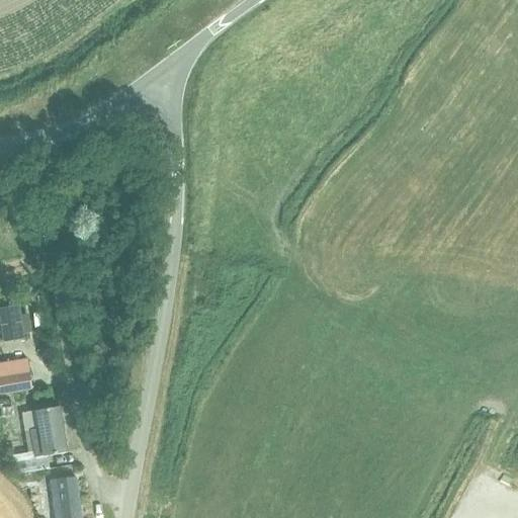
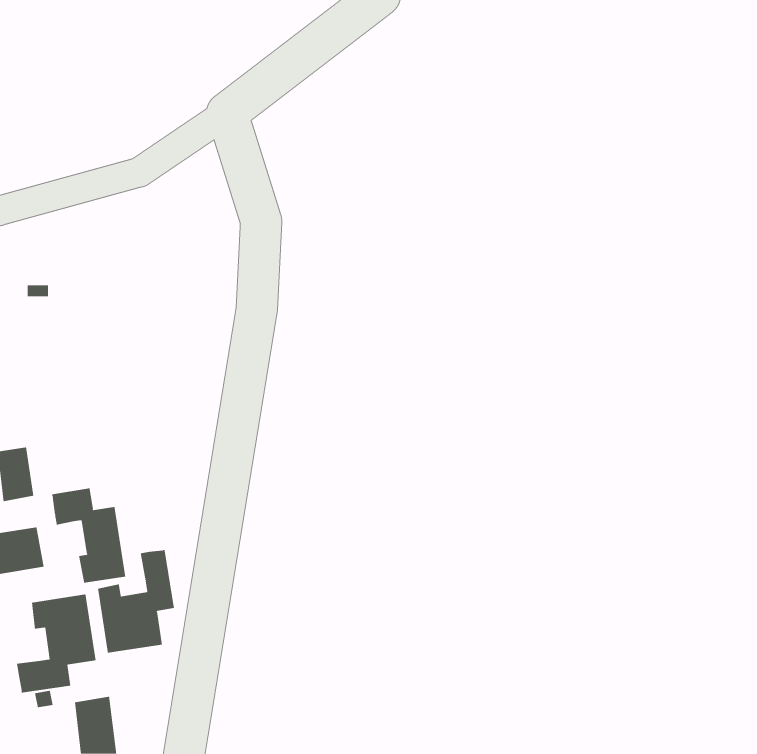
building: none -> [51,488,126,583]
building: none -> [98,549,174,654]

